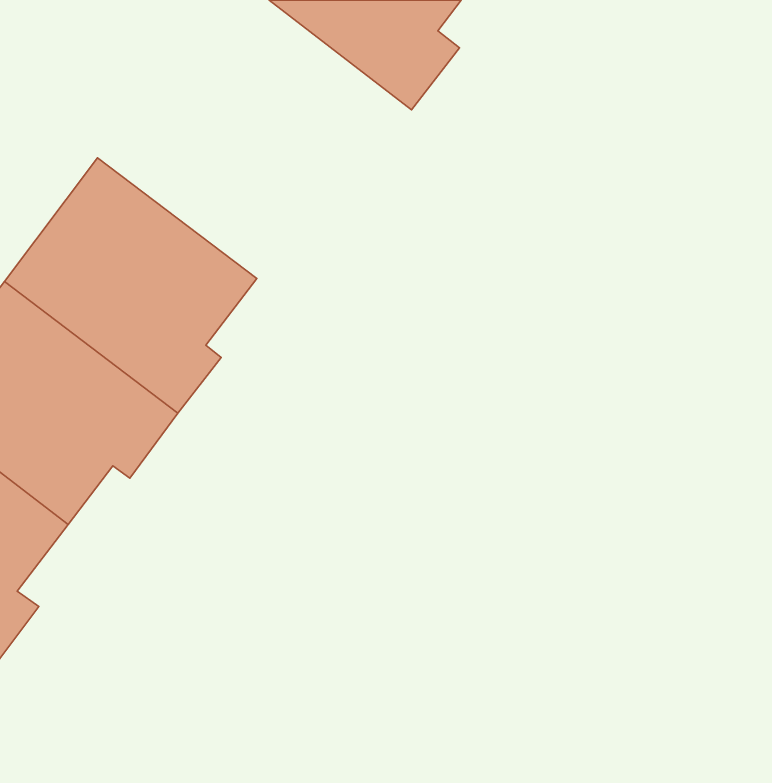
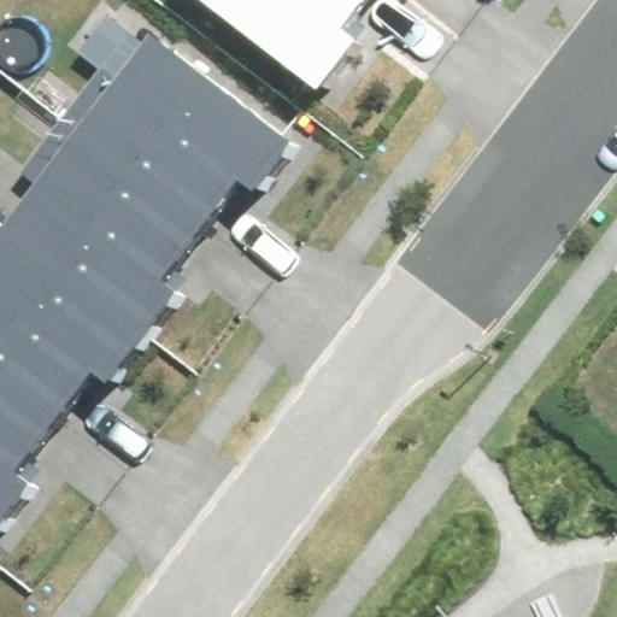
building: none -> [76,34,287,223]

